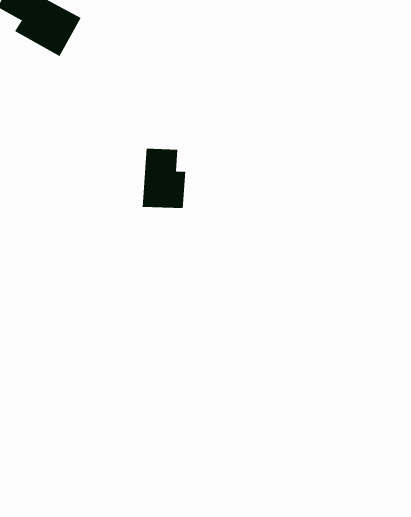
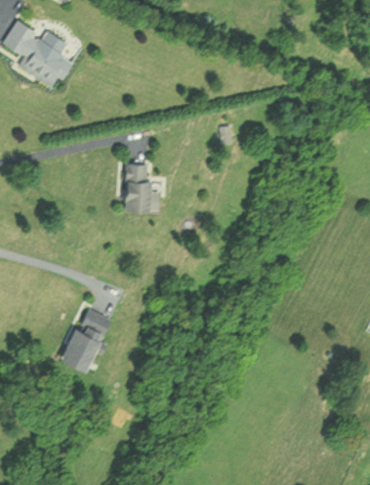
building: none -> [61,307,114,376]

